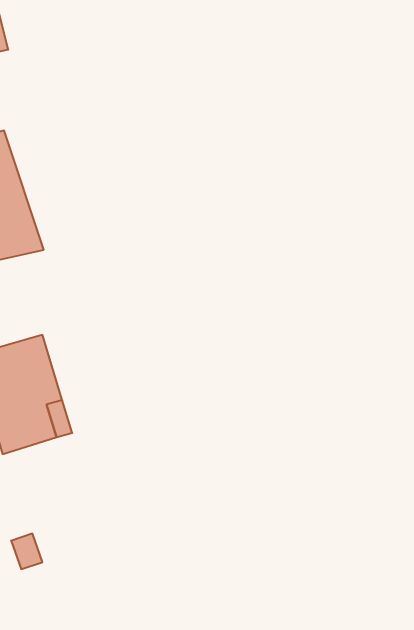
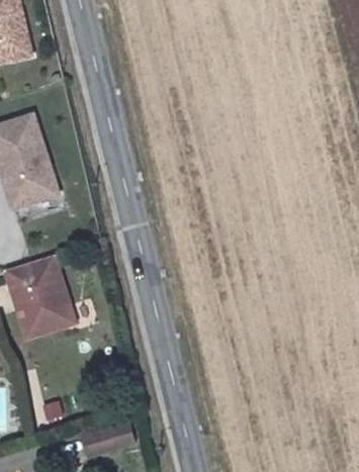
building: none -> [81,421,137,456]

